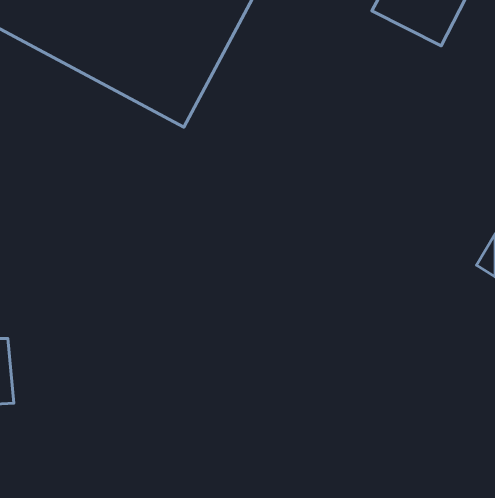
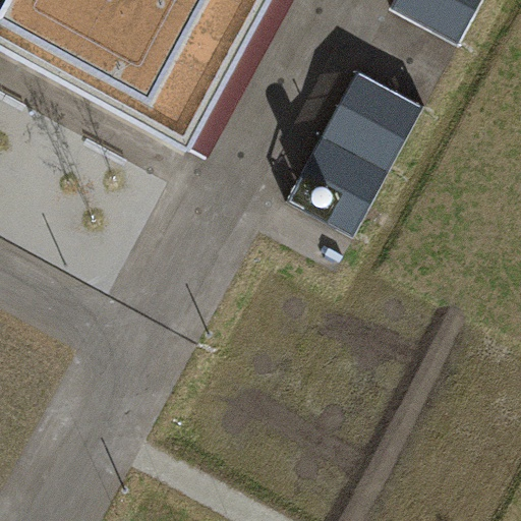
building: none -> [284,70,421,241]

